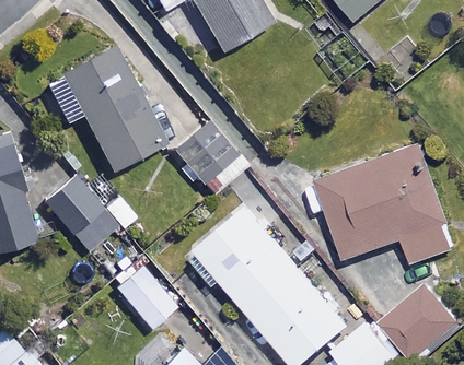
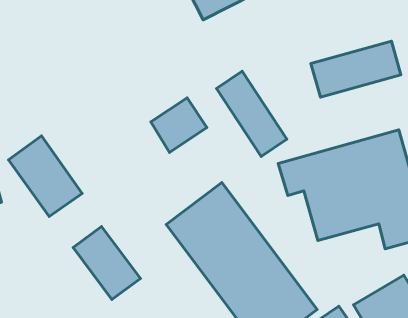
building: [45,45,165,170] -> none
building: none -> [311,41,401,97]
building: none -> [216,71,287,156]

